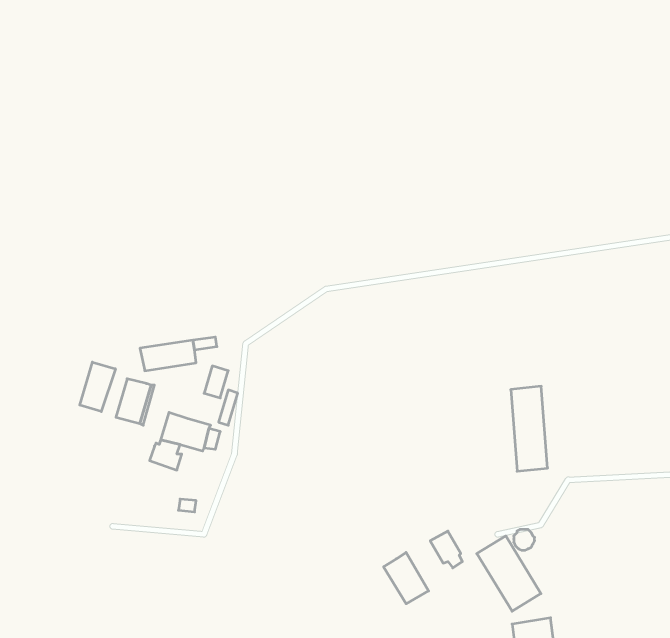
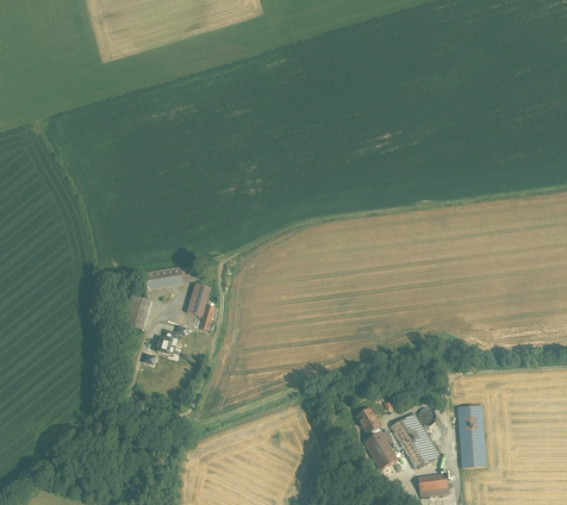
building: [80,362,115,412] -> none
building: [511,386,548,471] -> [457,405,485,468]
building: [384,552,429,604] -> [363,431,397,469]

